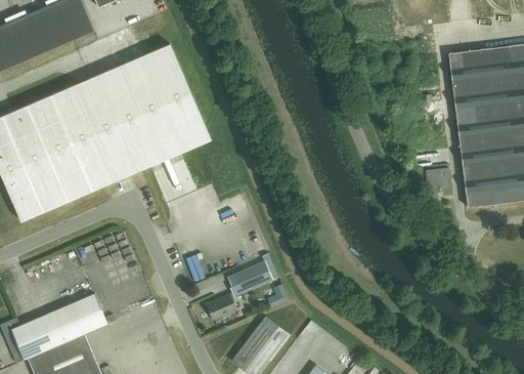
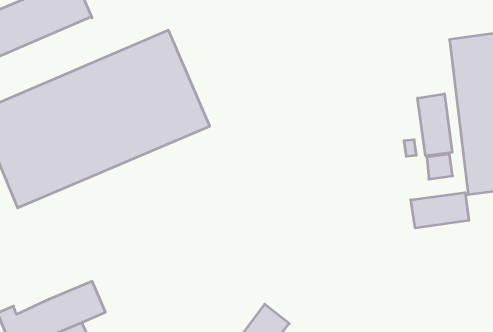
building: none -> [418,94,452,156]
building: none -> [411,193,469,228]
building: [207,260,272,320] -> none

